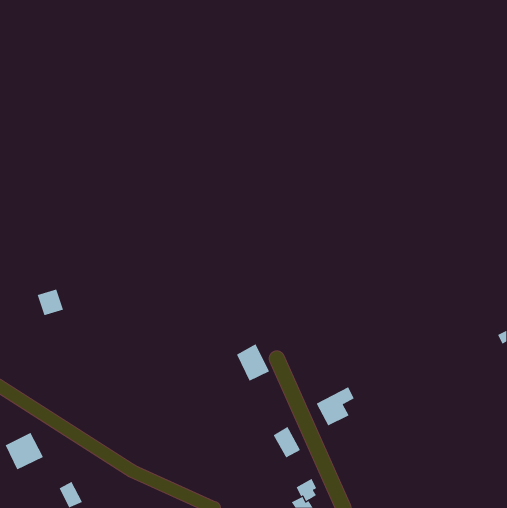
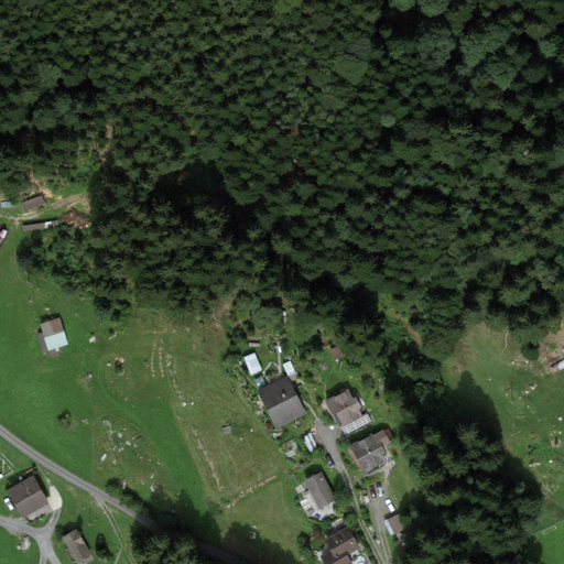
building: none -> [324,388,362,427]

